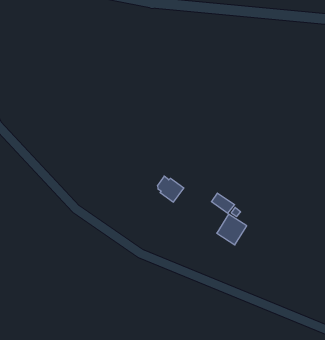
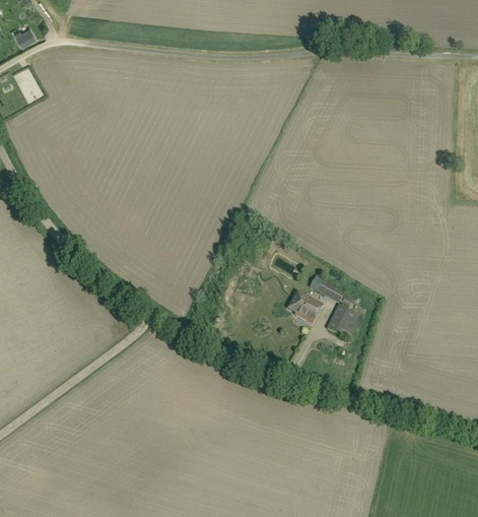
building: [157,176,184,202] -> [289,294,322,324]

